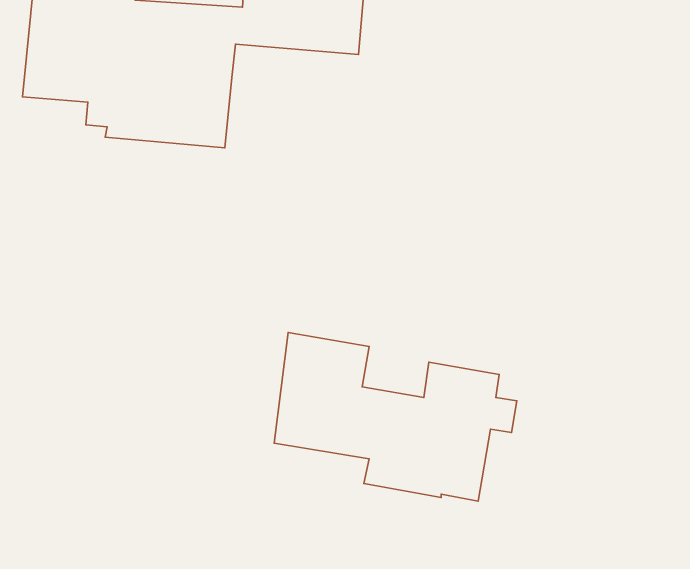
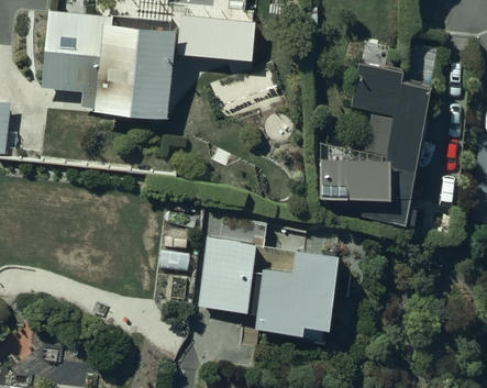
building: none -> [318,53,427,217]

